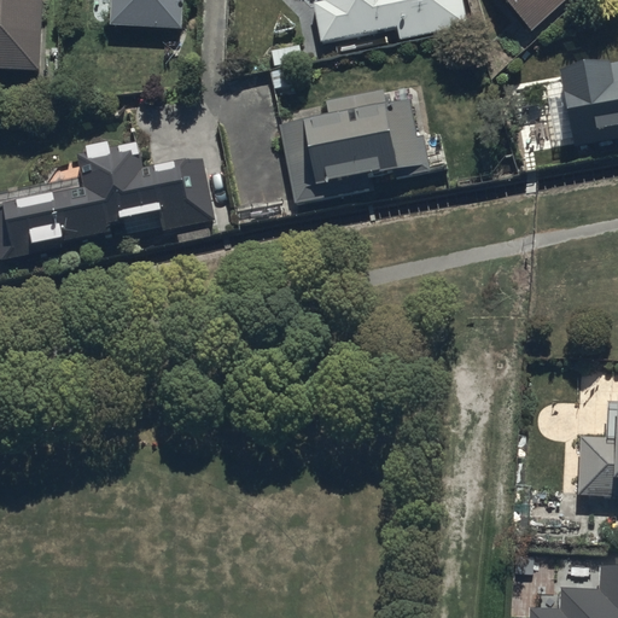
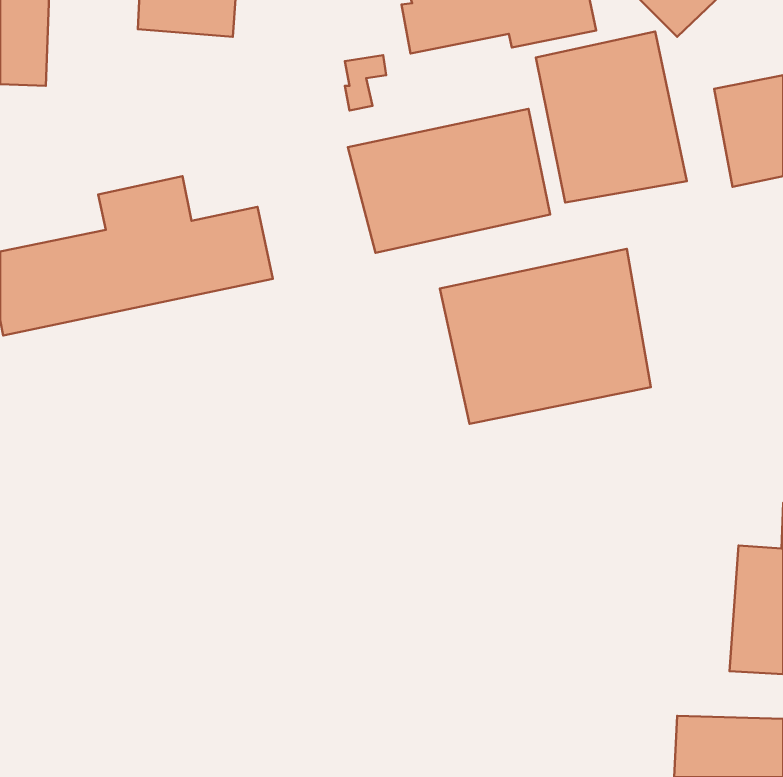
building: none -> [536,31,687,203]
building: none -> [440,249,651,424]

